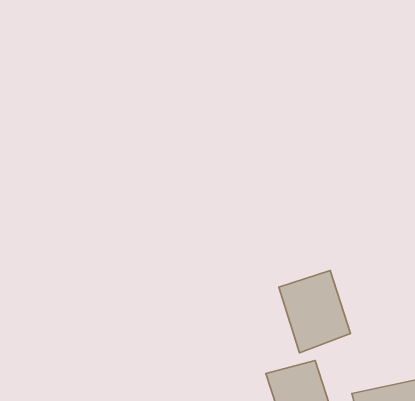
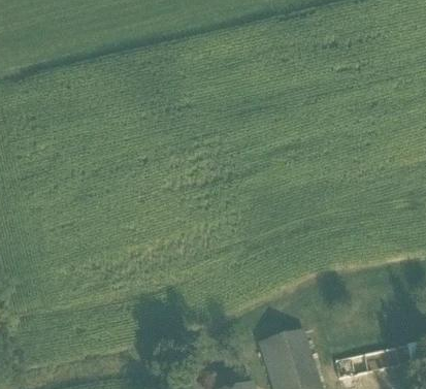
building: [279,270,350,353] -> none

